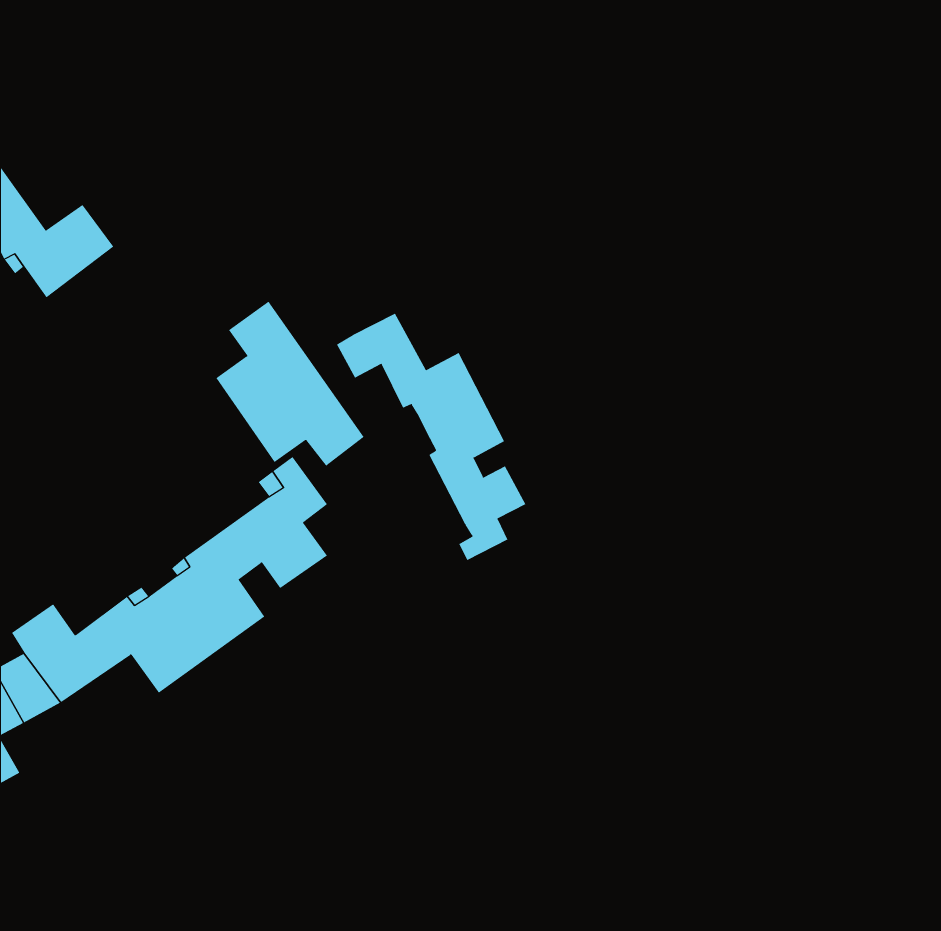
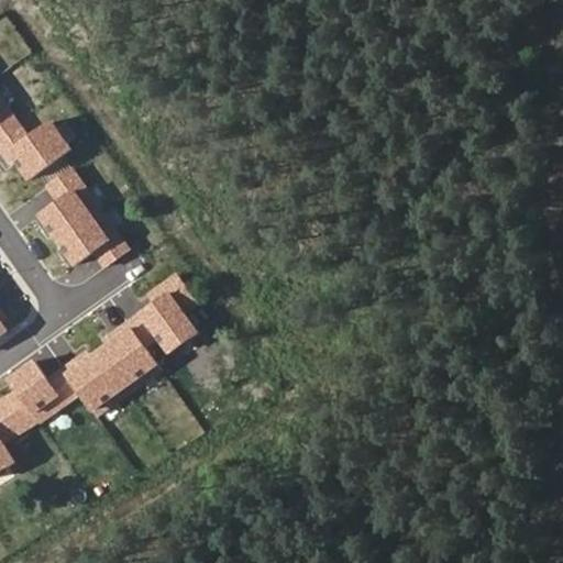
building: [215,301,365,466] -> [37,167,126,266]
building: [336,313,526,561] -> none

